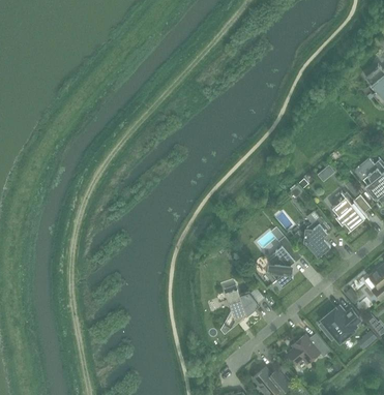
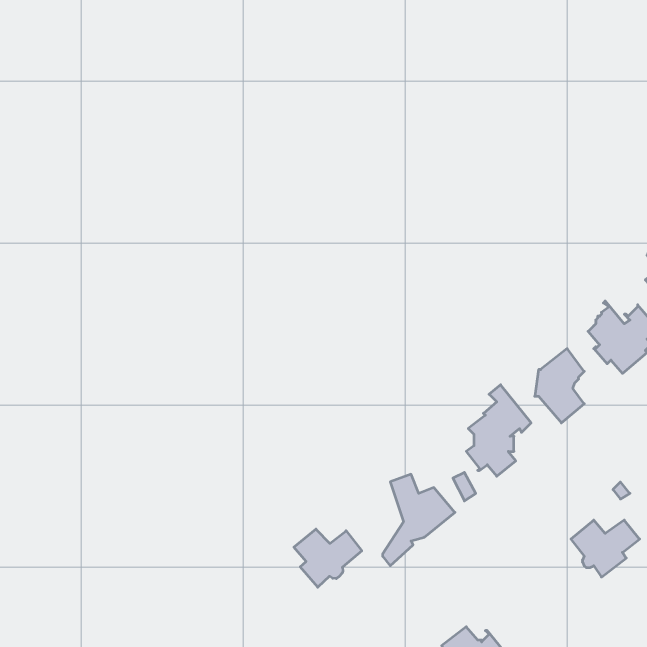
building: none -> [294,529,362,587]
building: [286,332,329,364] -> none

